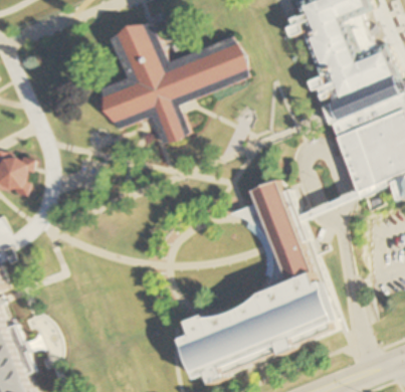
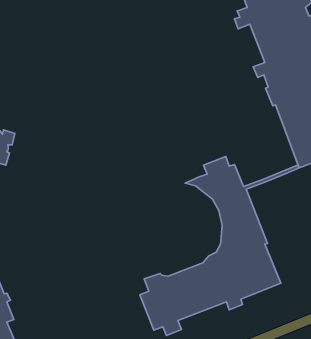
building: [100,21,245,142] -> none

